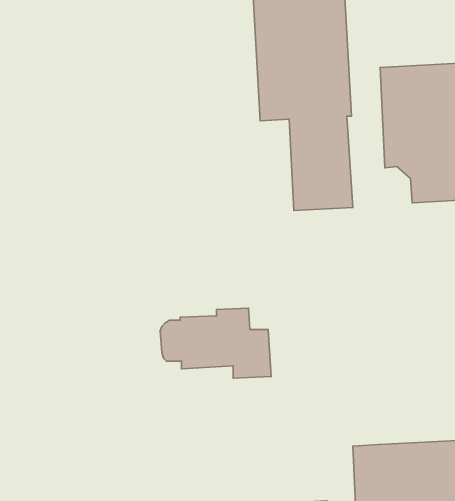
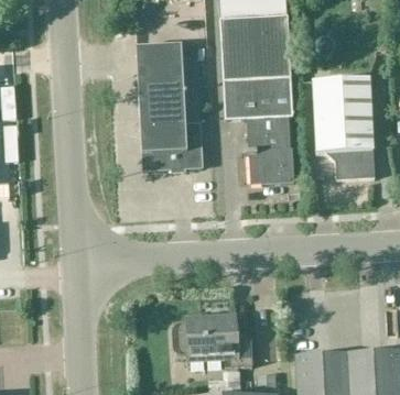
building: none -> [136,43,202,169]
building: [160,308,271,378] -> [170,314,250,364]

